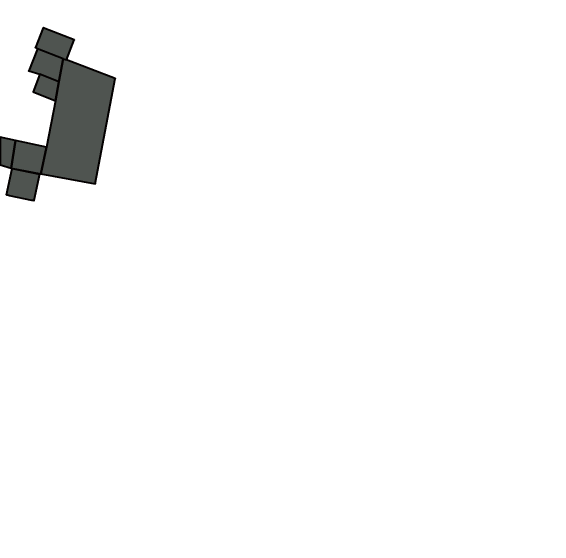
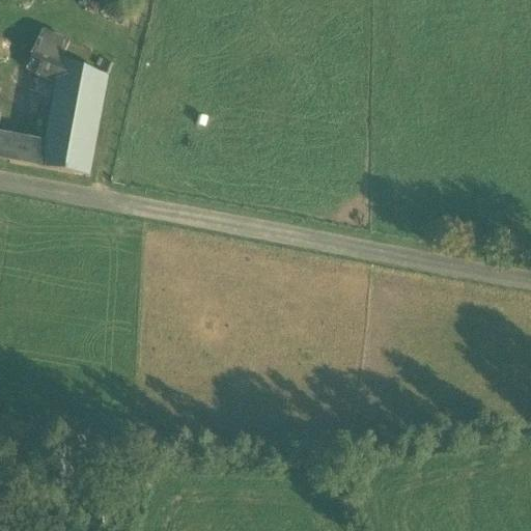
building: [7,168,39,201] -> none

